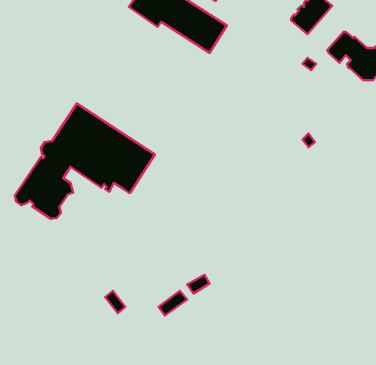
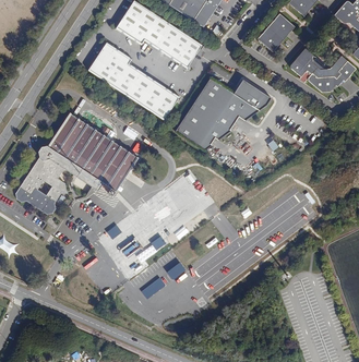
building: none -> [88,41,180,120]
building: none -> [176,77,272,149]

